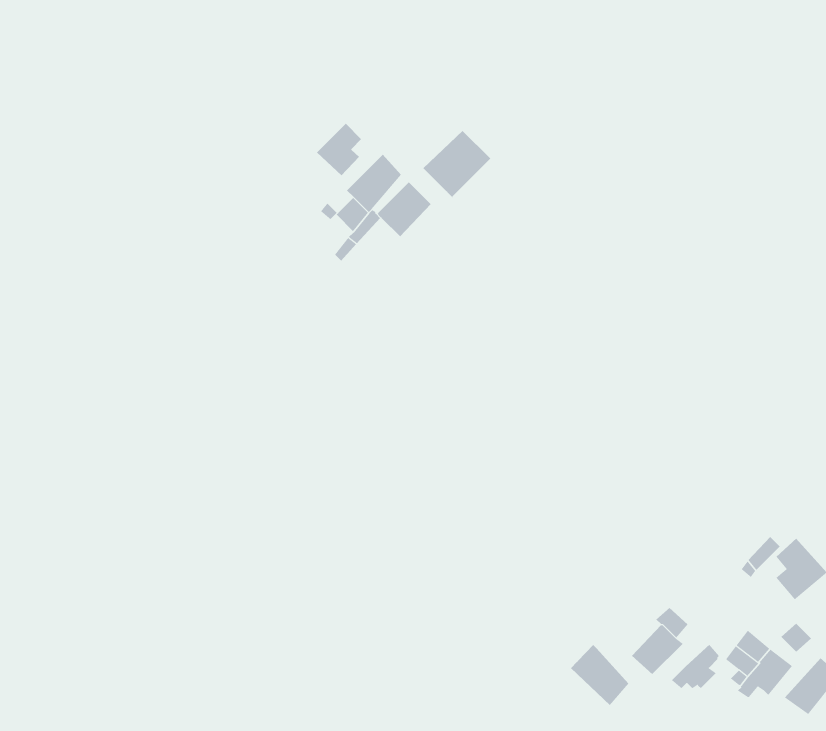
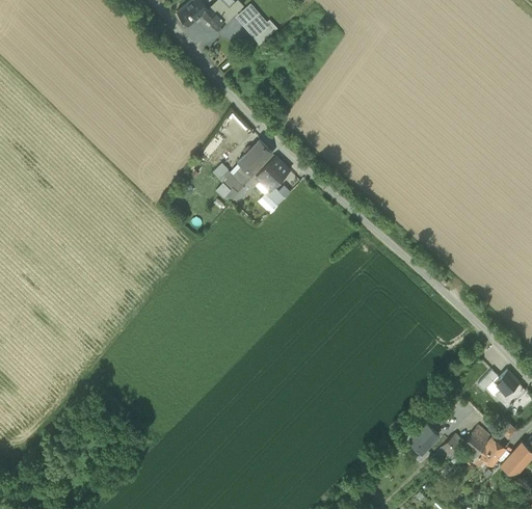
building: [316,123,362,176] -> none
building: [423,130,491,199] -> none
building: [570,644,629,706] -> none

